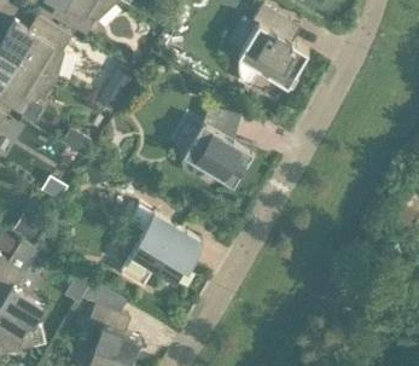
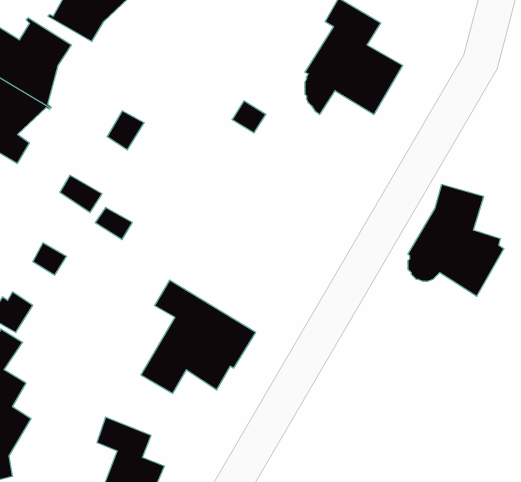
building: [182,106,251,186] -> [408,185,504,296]
building: [80,280,127,313] -> none

